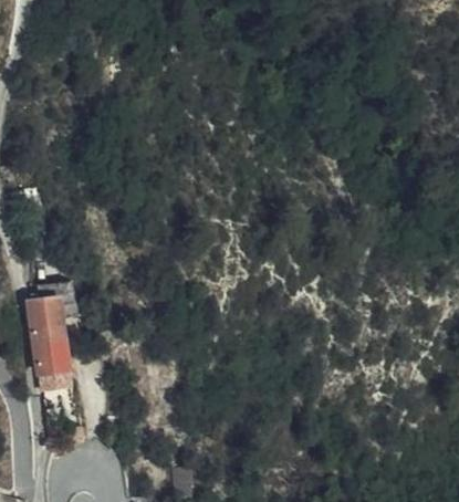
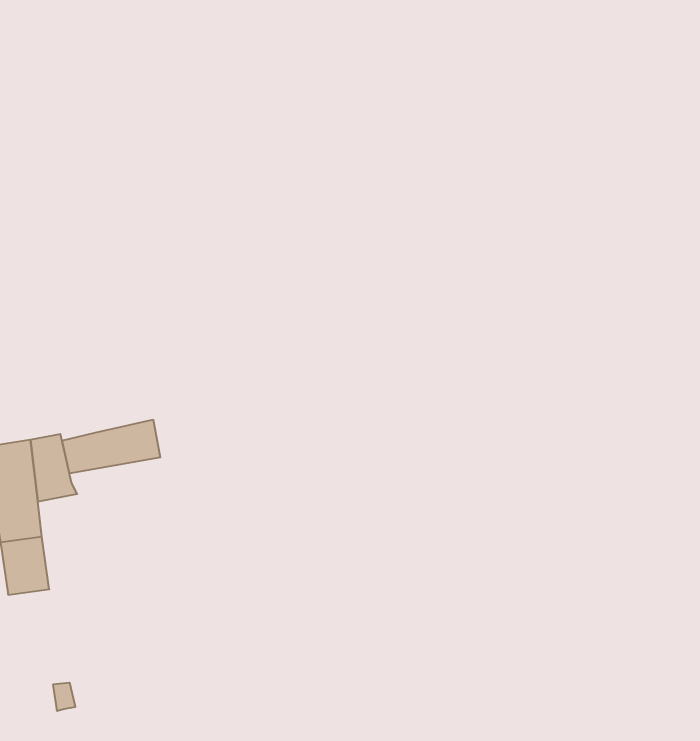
building: none -> [62,420,160,473]

